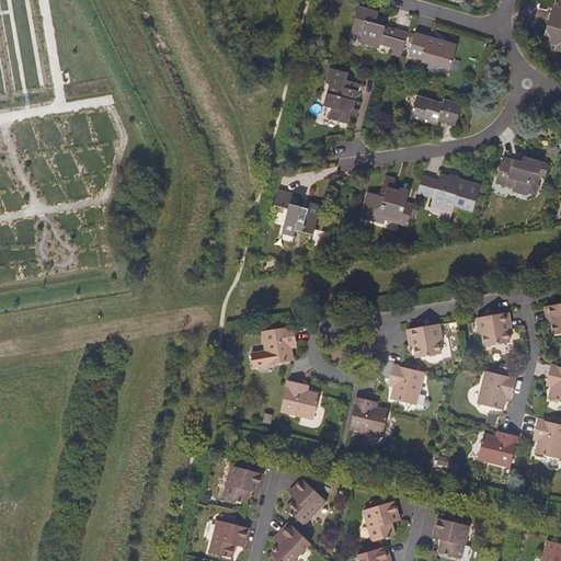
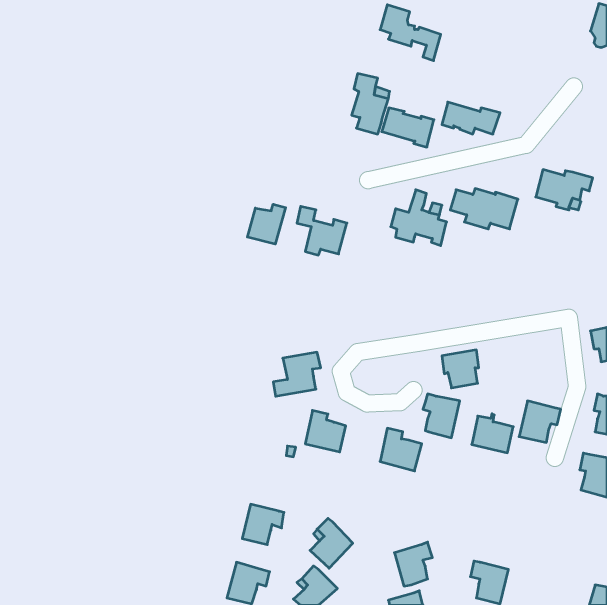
building: [408,32,456,68] -> [382,108,434,147]
building: none -> [247,204,286,244]
building: [476,311,512,346] -> none
building: [479,430,517,466] -> [472,414,513,453]

